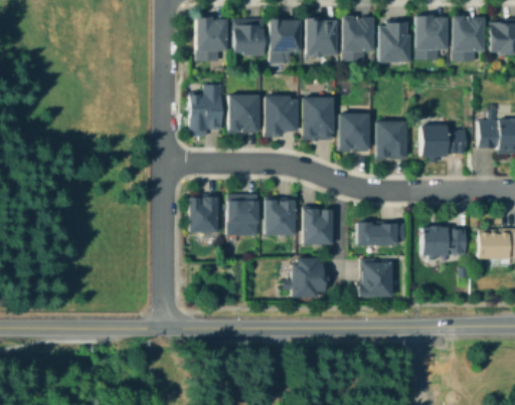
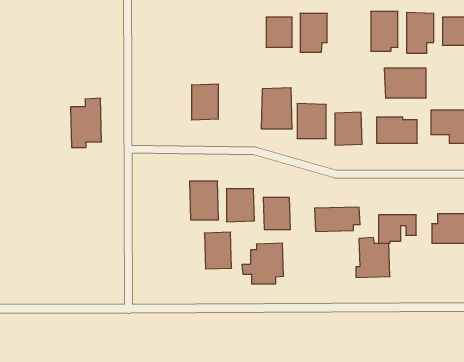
building: [197,17,224,57] -> none
building: [235,19,261,53] -> none
building: [270,22,299,62] -> none
building: [378,22,405,59] -> none
building: none -> [385,68,426,98]
building: [189,82,221,134] -> [71,98,102,148]
building: [264,96,297,136] -> none
building: [188,196,216,234] -> [204,232,232,269]
building: [357,257,392,298] -> [356,238,390,277]

